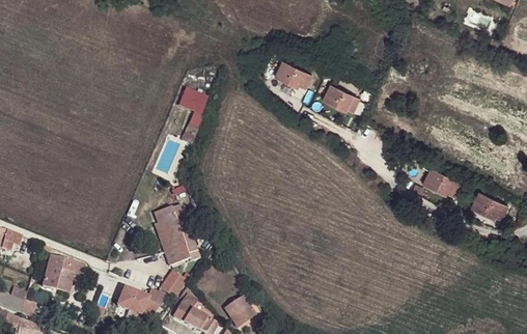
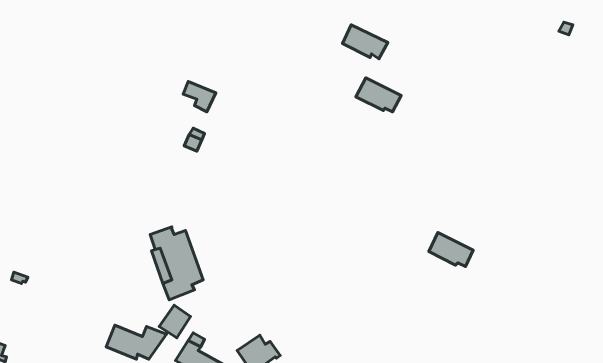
building: [275,61,312,89] -> [342,25,388,59]
building: [423,168,460,196] -> [429,232,473,267]
building: [471,192,508,220] -> none
building: [43,255,85,289] -> none

